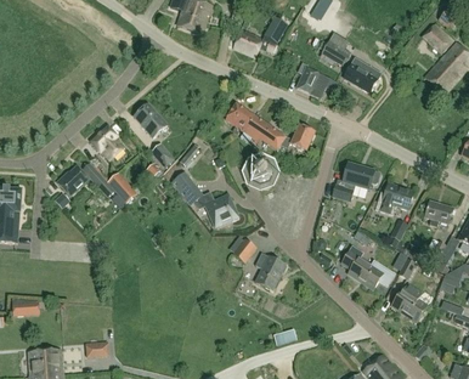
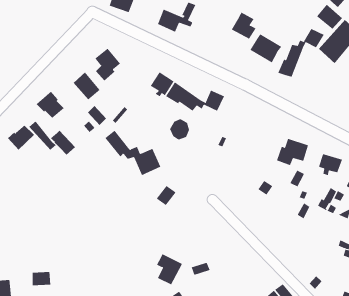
building: none -> [277,28,324,77]
building: [296,61,329,97] -> none
building: none -> [94,48,121,82]
building: [332,162,379,200] -> none
building: [341,245,395,288] -> none
building: [254,251,286,289] -> [156,253,183,285]
building: [391,283,426,321] -> none

